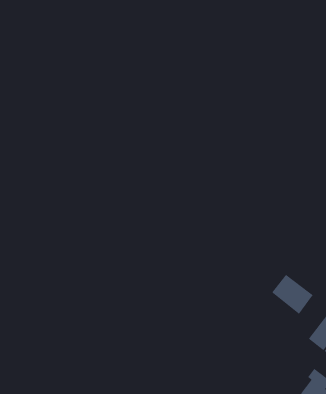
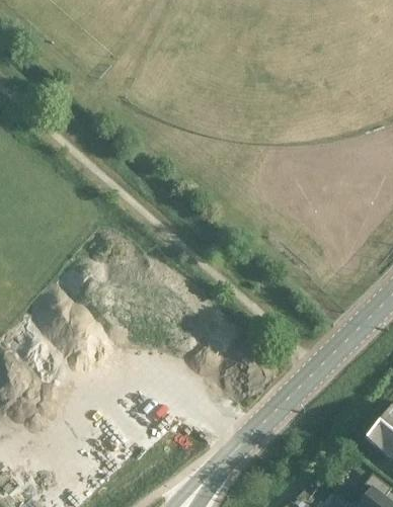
building: [271,274,318,315] -> none

